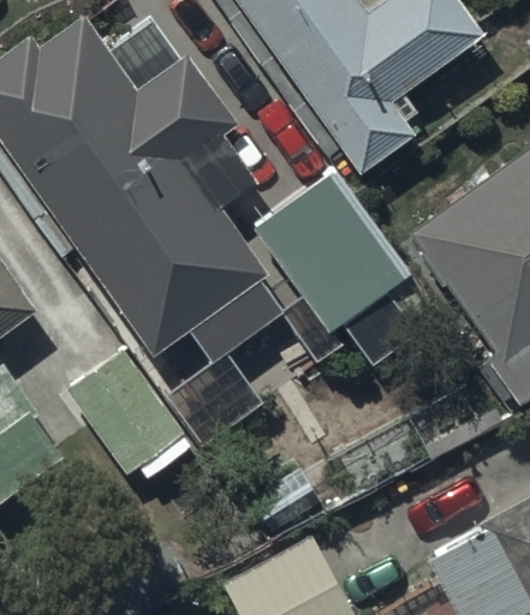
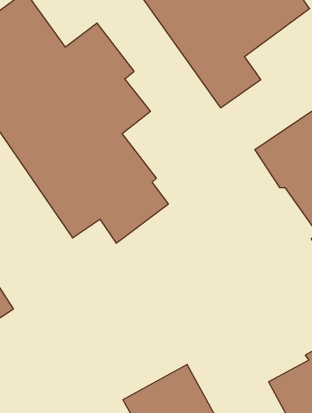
building: [252,173,421,353] -> none
building: [65,348,195,479] -> none

